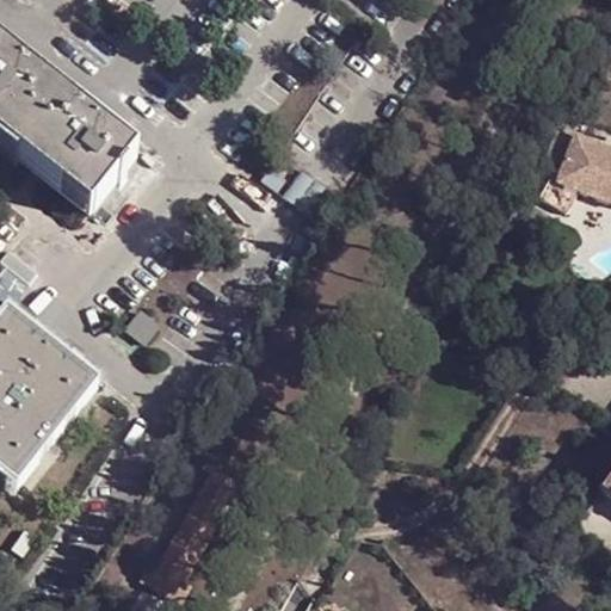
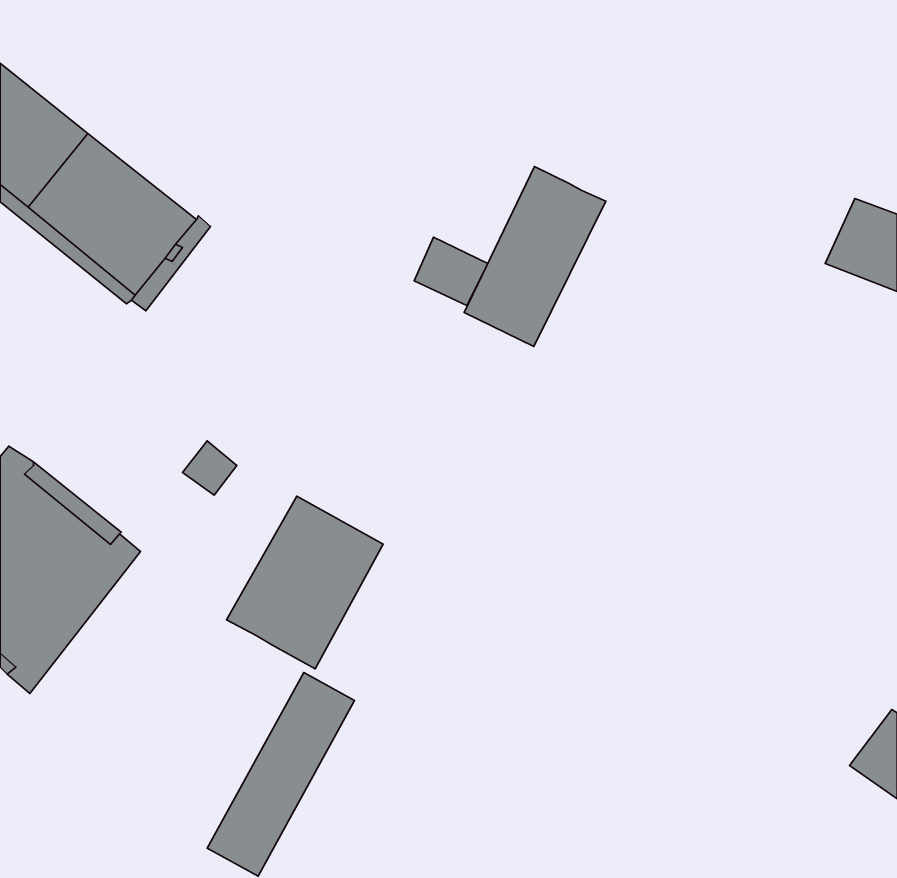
building: none -> [464,167,606,347]
building: none -> [226,496,383,669]

